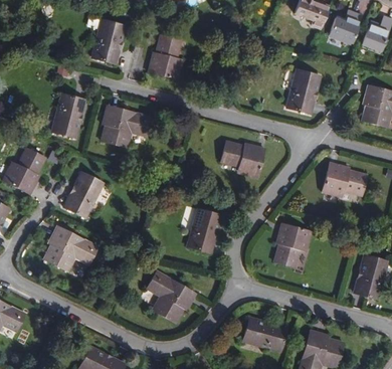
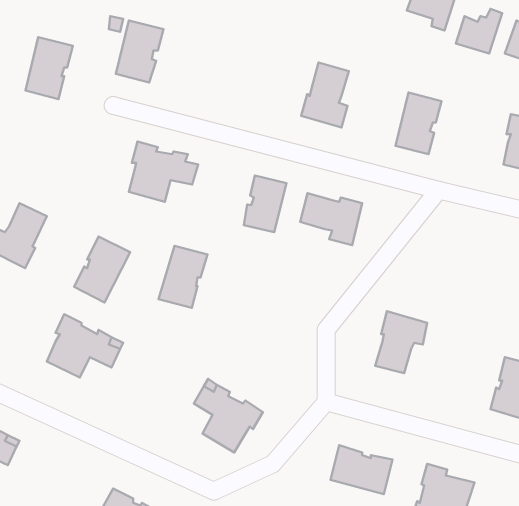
building: [149,34,182,79] -> [301,63,349,127]
building: [52,94,85,137] -> [25,37,73,99]
building: none -> [244,175,286,232]
building: [322,162,367,196] -> none
building: [187,209,221,252] -> [159,246,208,308]

